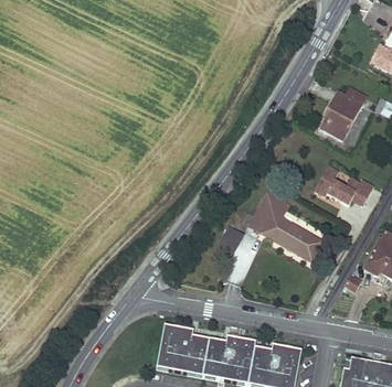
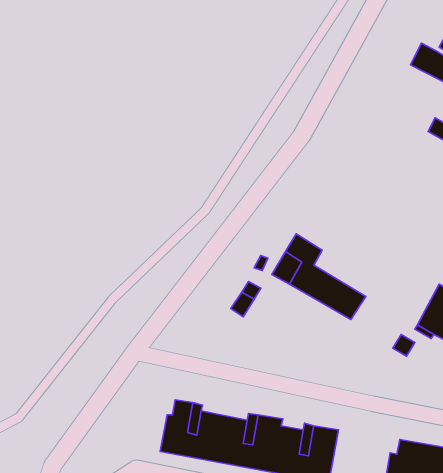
building: [320,87,365,139] -> none
building: [314,165,372,204] -> none

